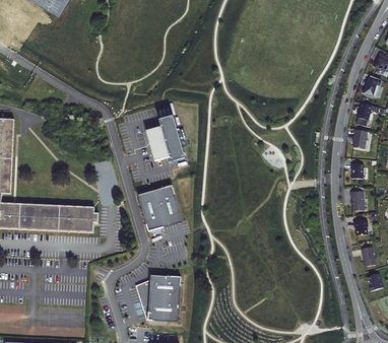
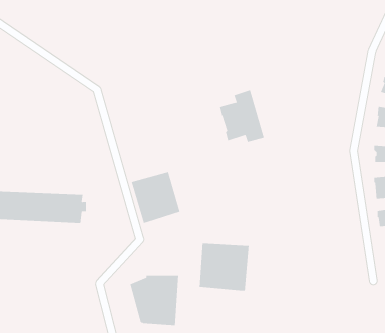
building: [145,116,186,162] -> [219,90,265,142]
building: none -> [199,242,249,292]

